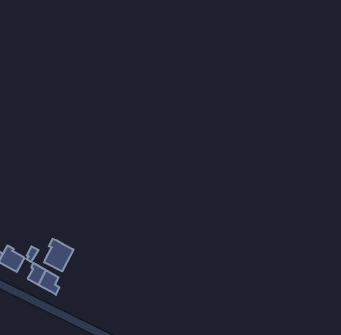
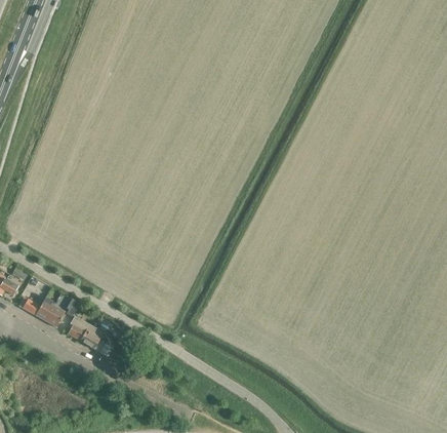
building: [44,239,74,271] -> none

